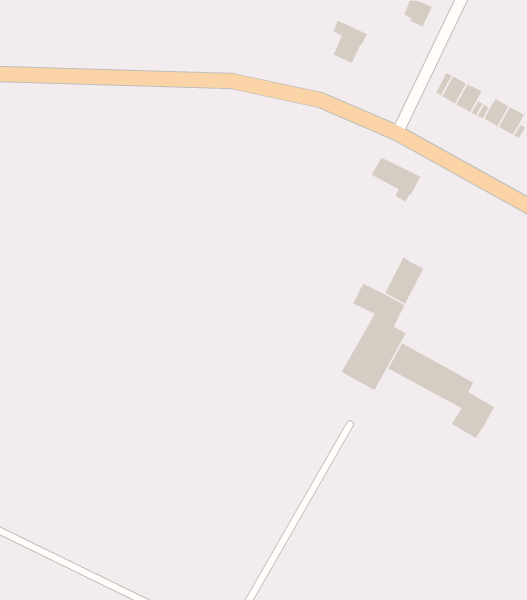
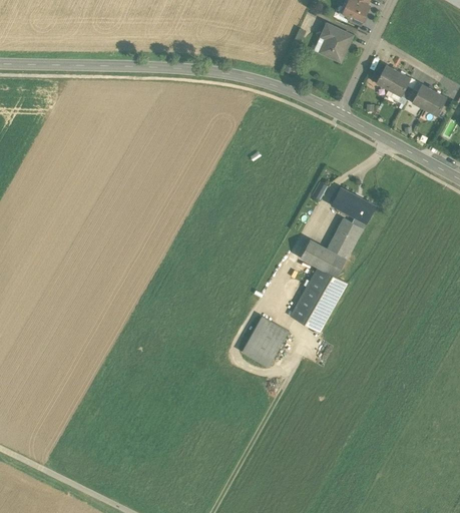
building: [333,20,368,64] -> [322,23,352,61]
building: [371,156,422,203] -> [331,188,374,227]
building: [387,342,495,439] -> none
building: none -> [241,316,288,367]

